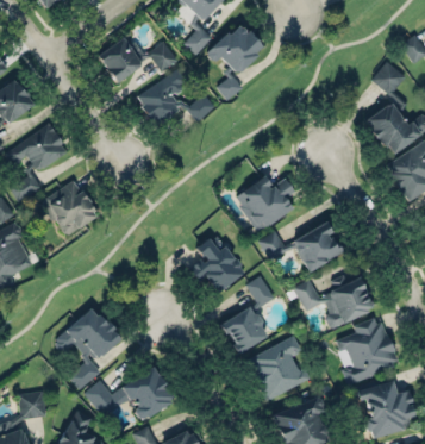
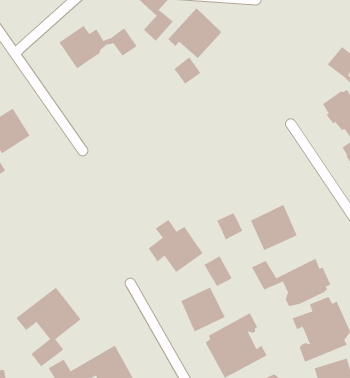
building: [136,69,214,126] -> none
building: [236,176,296,232] -> none
building: [44,180,96,234] -> none

